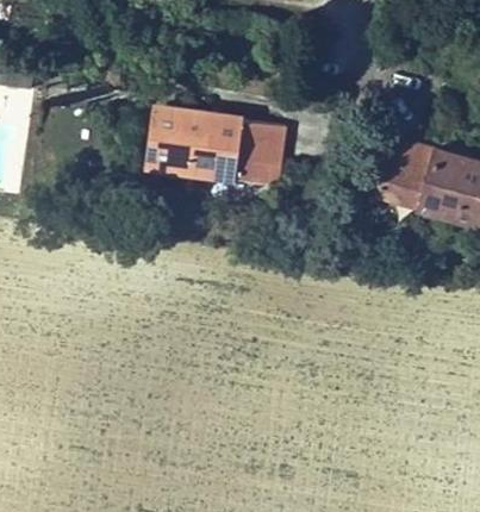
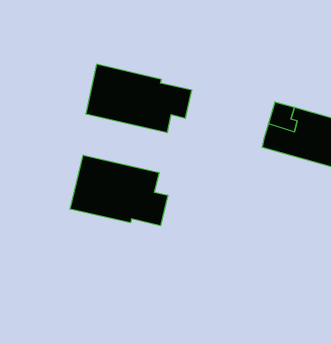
building: none -> [70,155,168,226]

